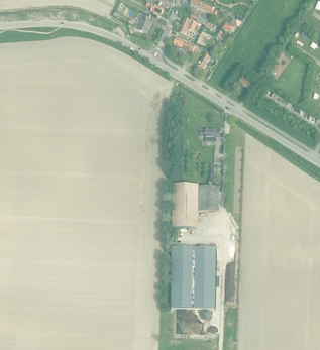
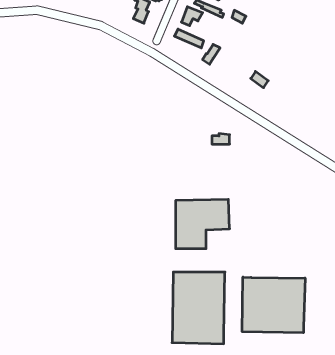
building: none -> [242,277,305,333]

